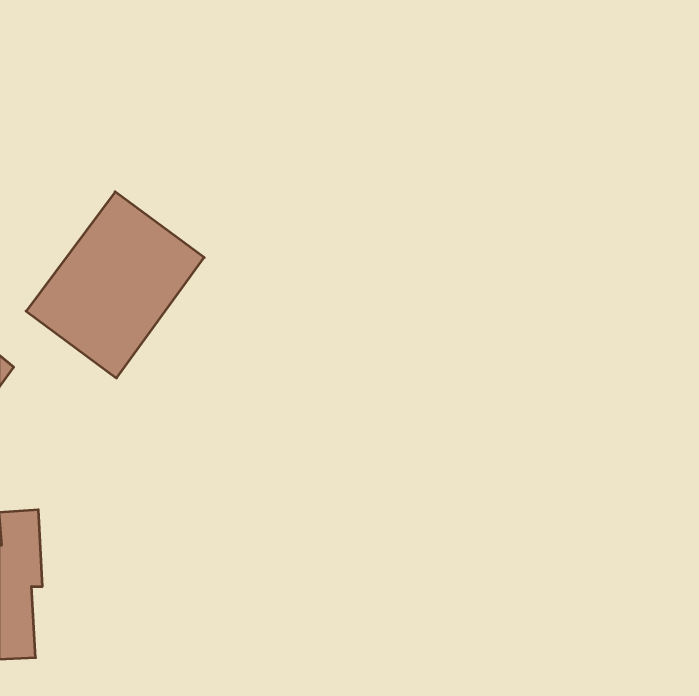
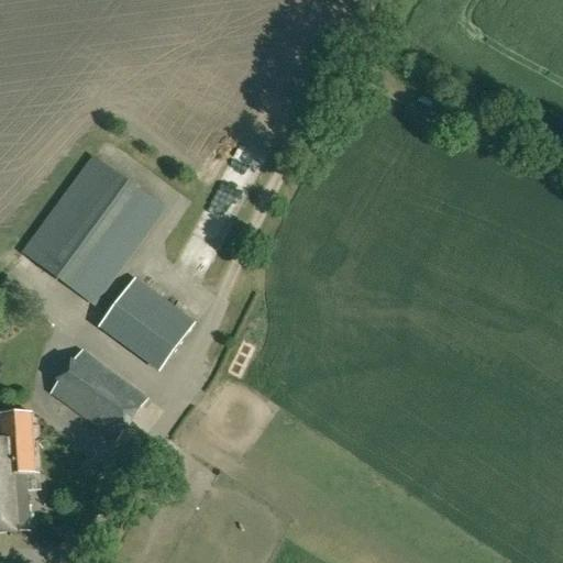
building: none -> [98,276,195,371]
building: none -> [49,347,147,440]

